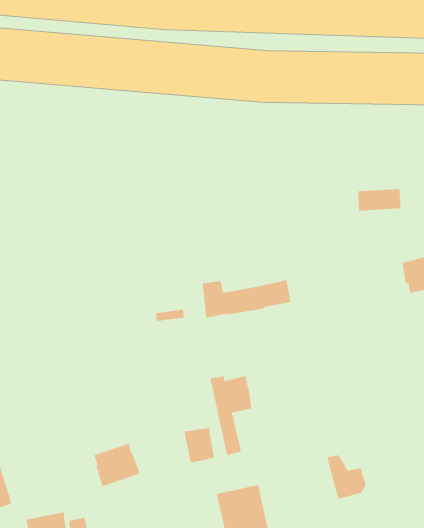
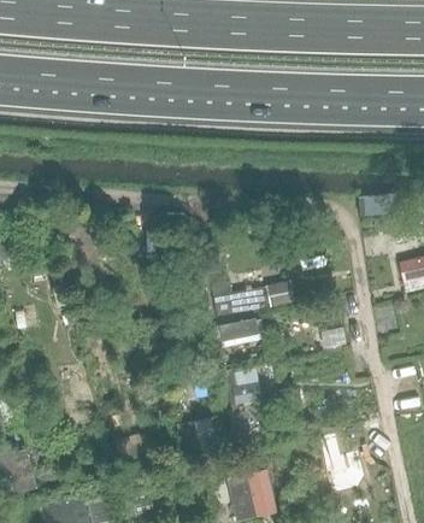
building: none -> [219,319,259,346]

